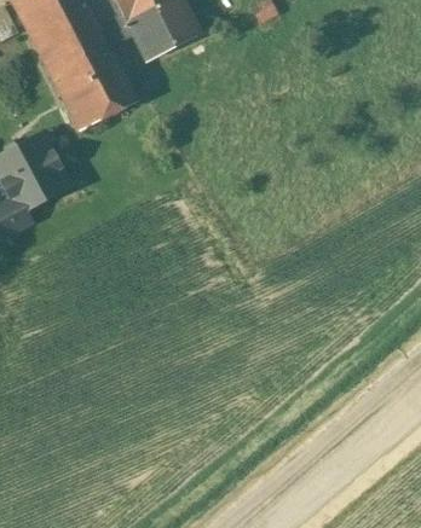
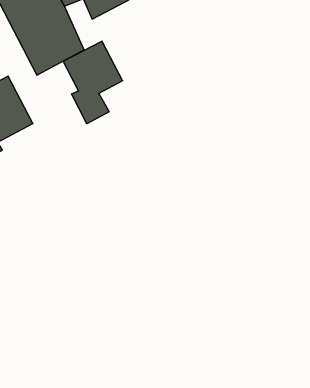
building: none -> [63,41,123,124]

